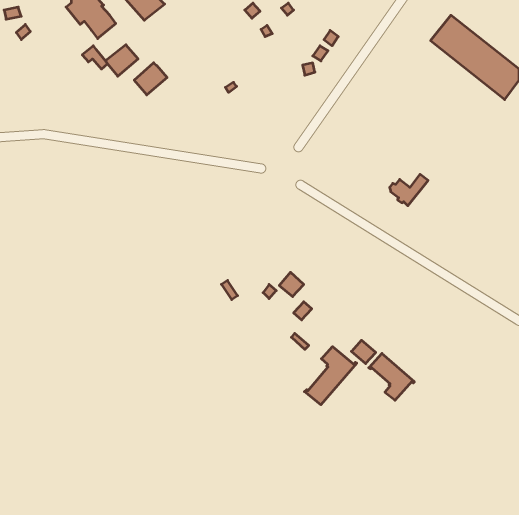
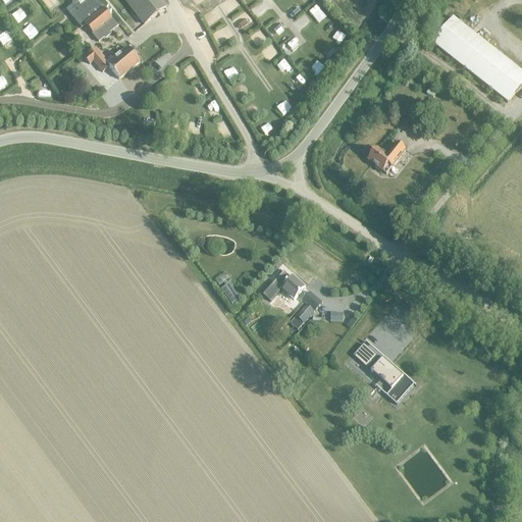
building: [134,63,167,95] -> none
building: [390,174,428,206] -> [367,141,406,172]
building: [304,347,357,405] -> none

